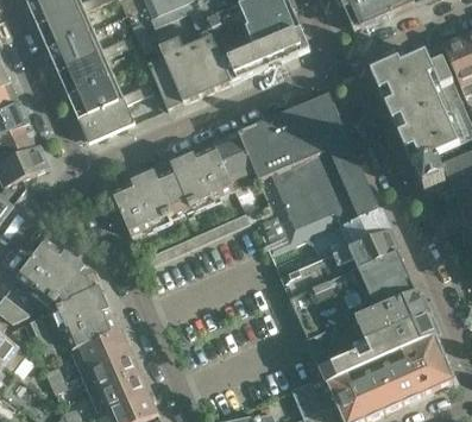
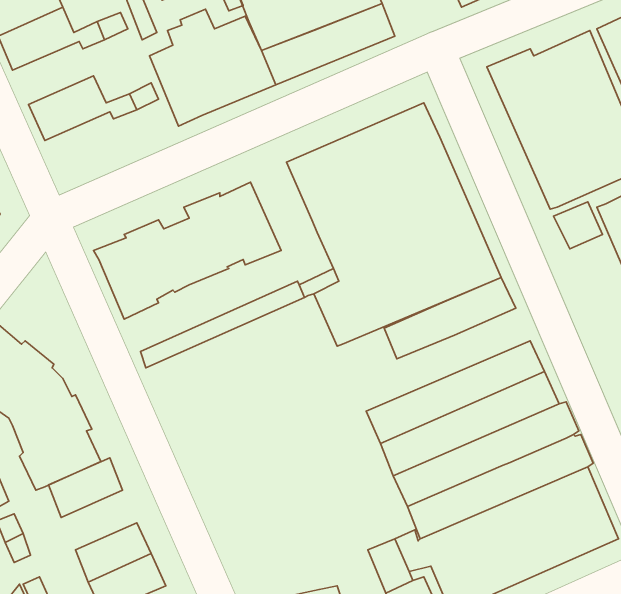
building: [57,53,111,95] -> none
building: [78,100,132,144] -> none
building: [214,132,254,182] -> none
building: [281,229,398,297] -> none
building: [89,349,139,389] -> none

